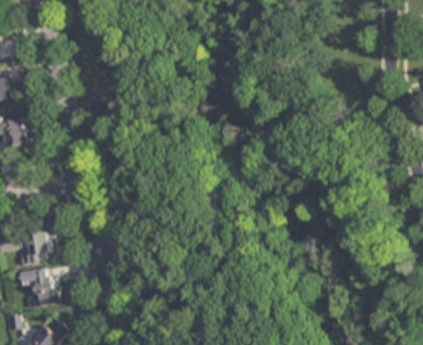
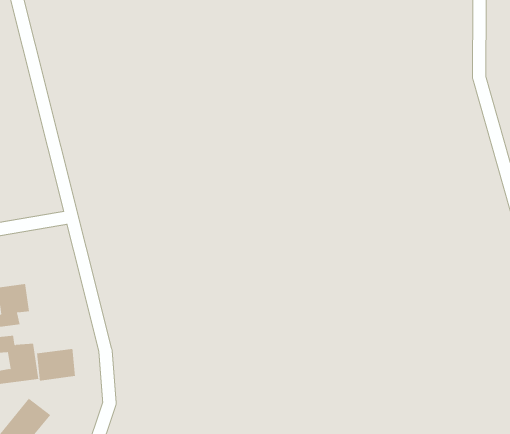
building: none -> [36,348,76,381]

